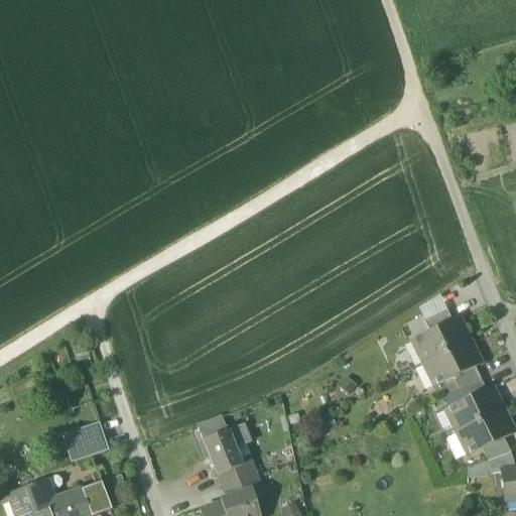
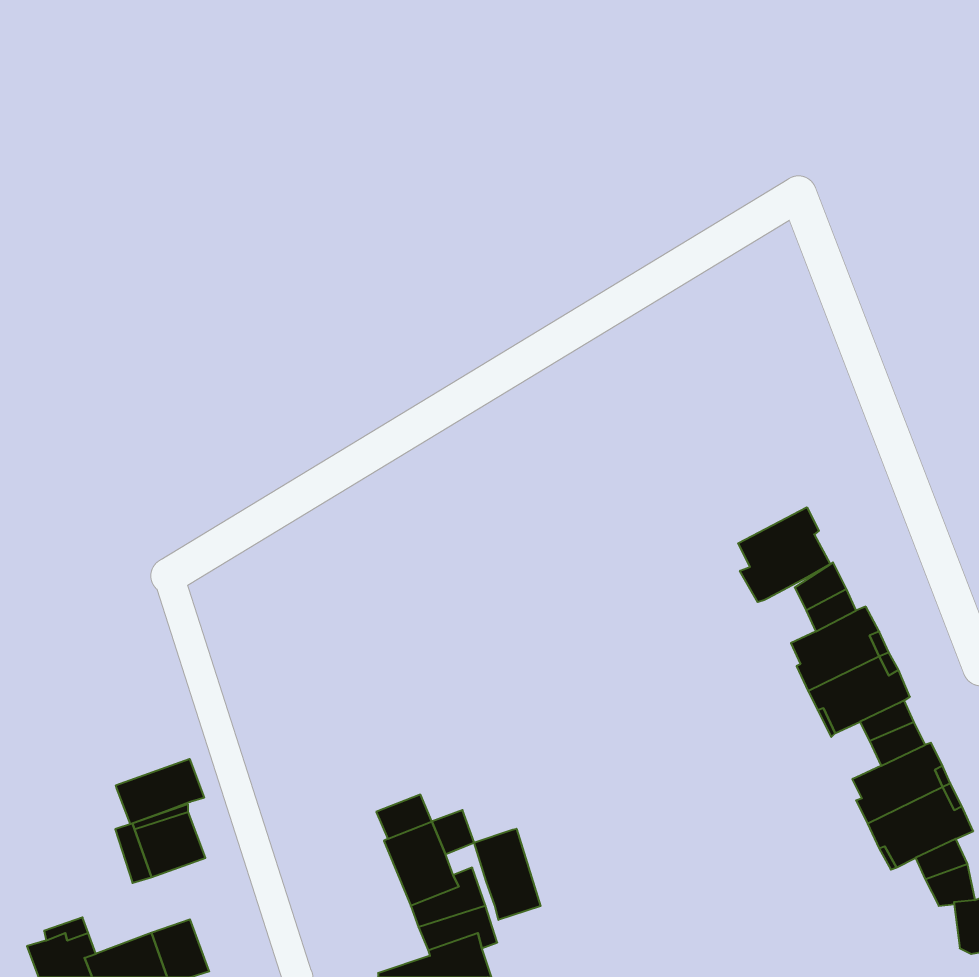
building: none -> [738,507,830,602]
building: none -> [116,759,204,824]
building: none -> [474,829,541,920]

